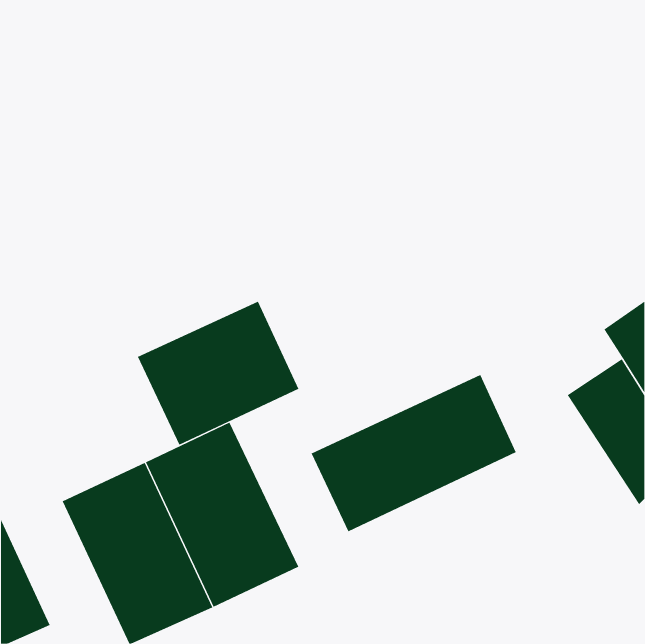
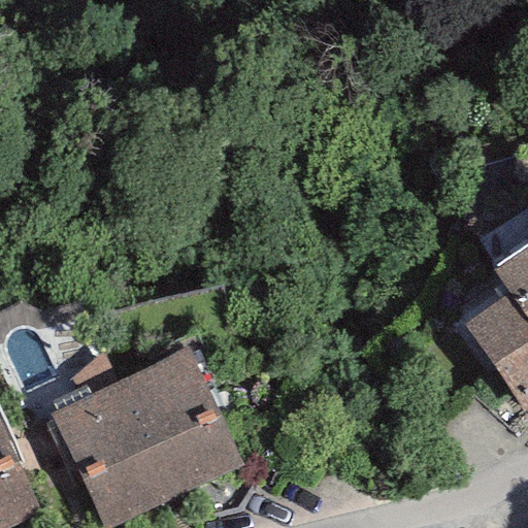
building: [137,301,299,446] -> none
building: [311,374,517,532] -> none

